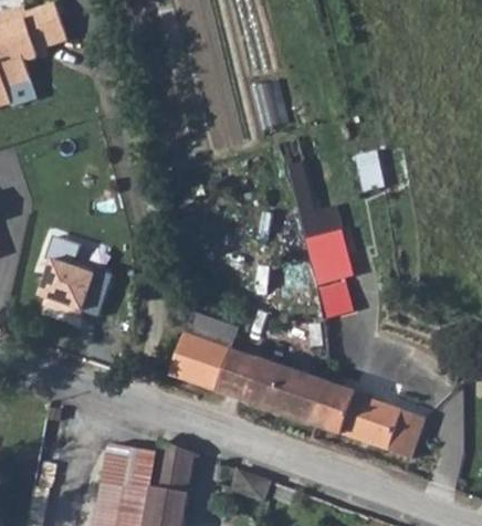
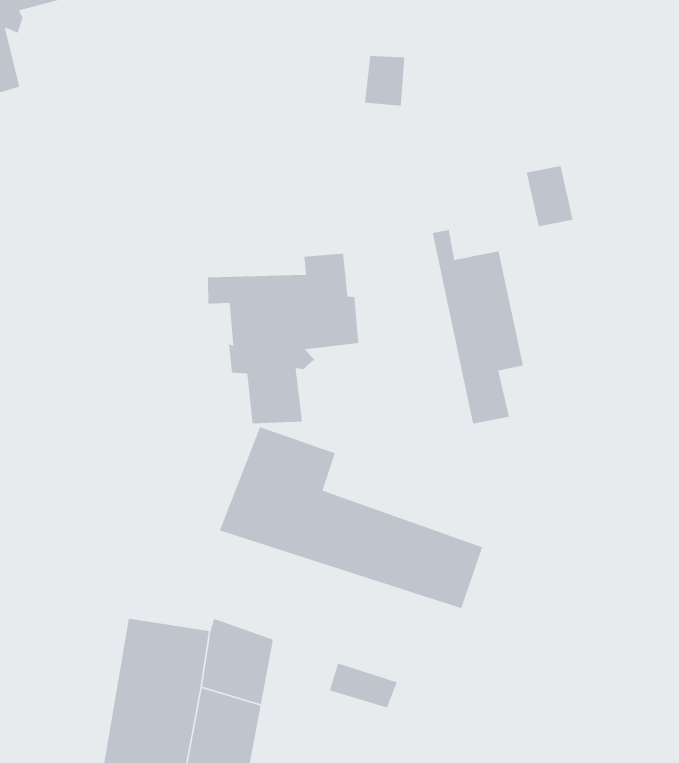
building: none -> [207,253,359,424]
building: [36,255,112,317] -> none
building: [315,385,426,457] -> none

